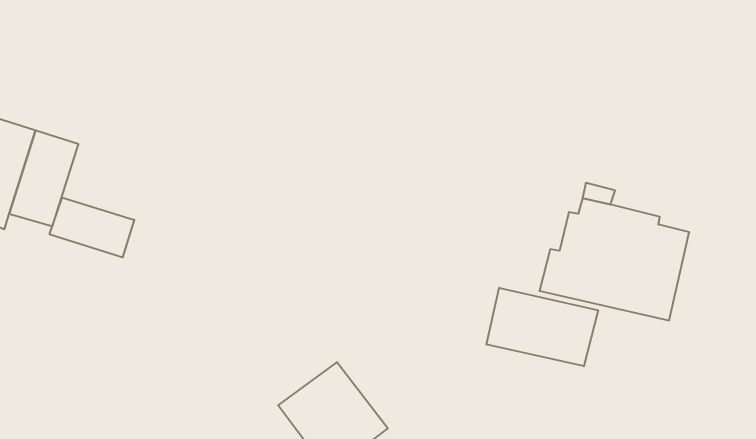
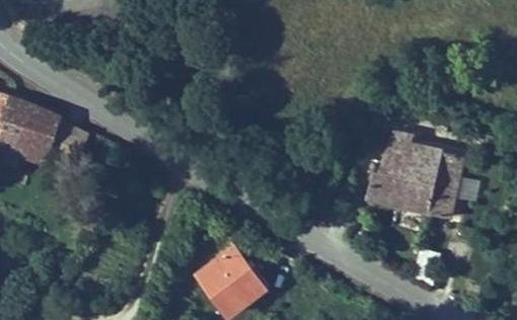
building: [50,198,134,257] -> none
building: [487,288,598,366] -> none

